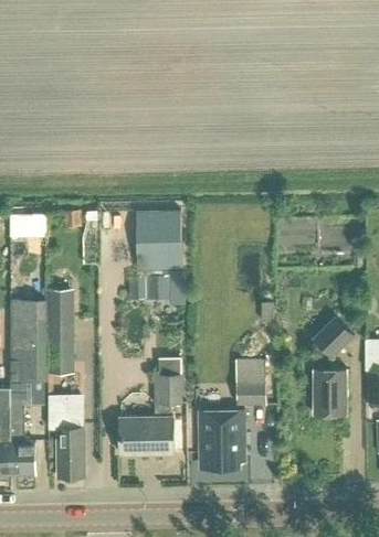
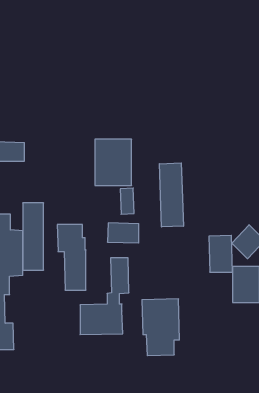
building: none -> [159,163,183,227]
building: [129,272,169,298] -> [107,223,139,243]
building: [235,358,265,405] -> [209,235,232,272]
building: [48,395,84,477] -> [57,225,86,290]

